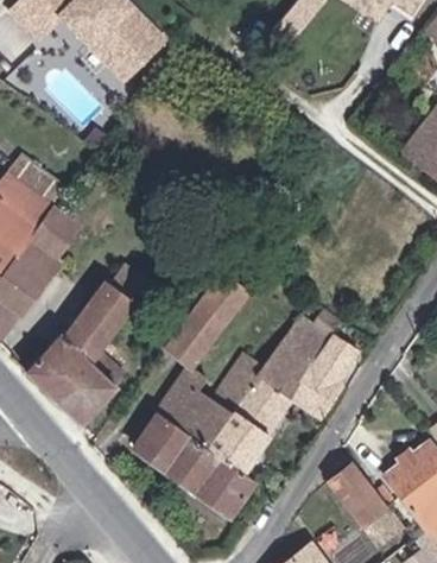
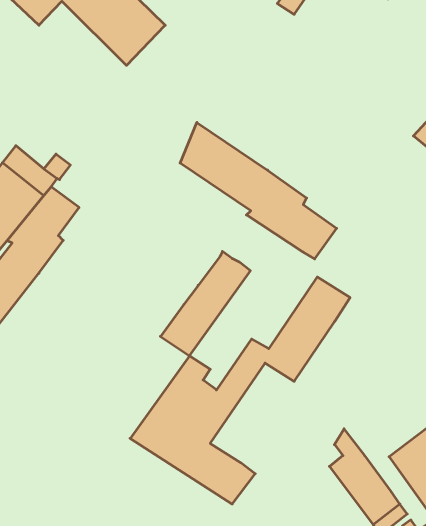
building: none -> [180,122,337,259]
building: [26,262,157,422] -> none
building: [209,335,350,473] -> none

